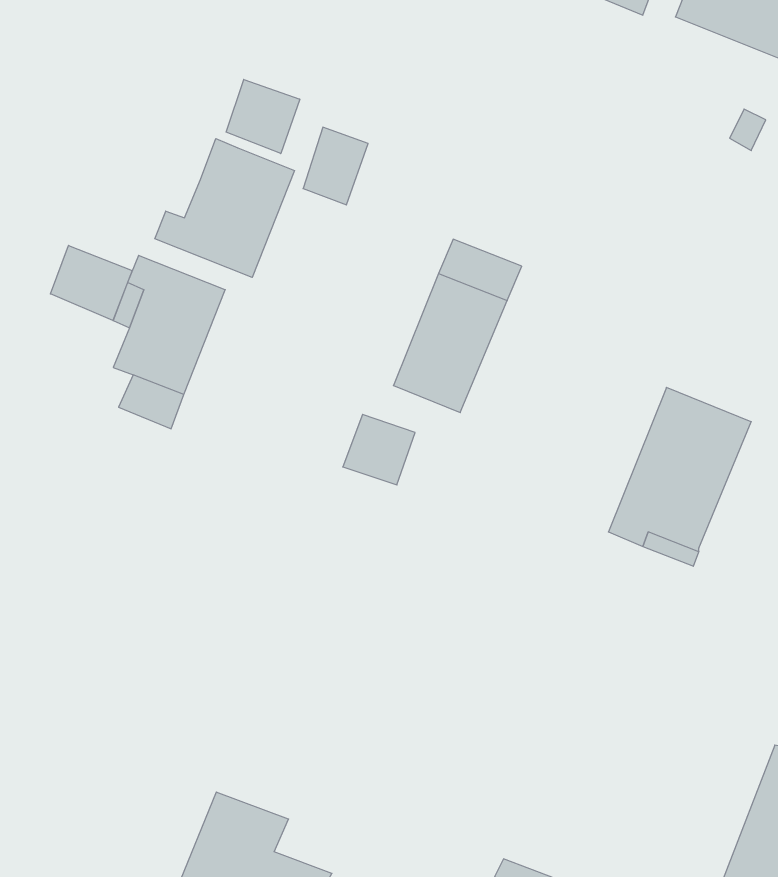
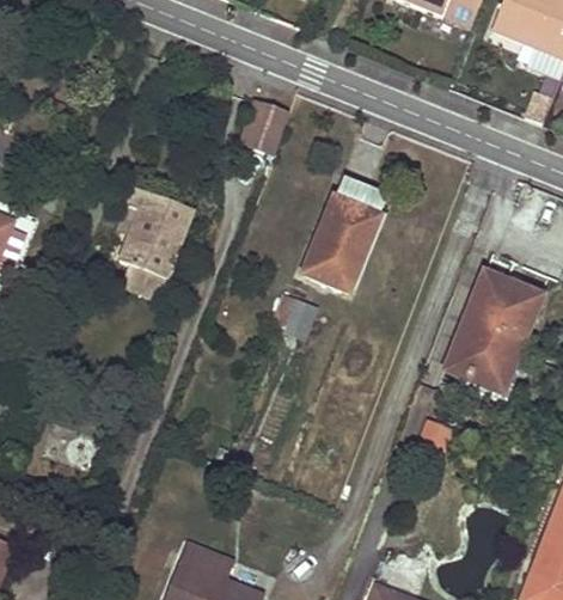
building: [226,79,300,154] -> none
building: [155,139,295,277] -> none
building: [50,245,132,321] -> none

